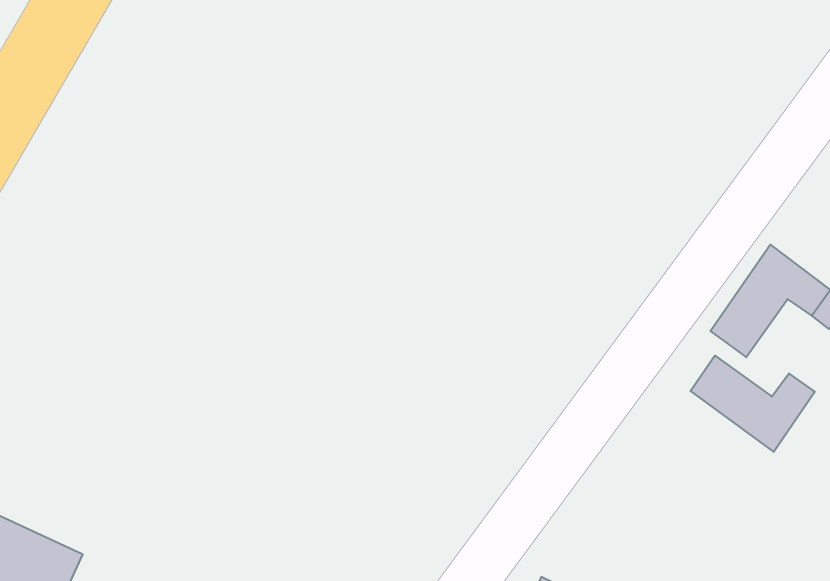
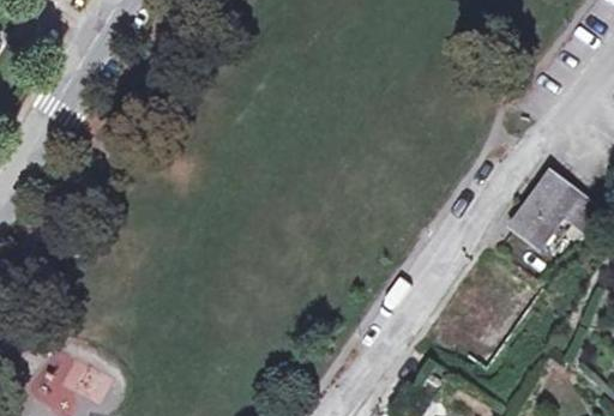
building: [690,356,815,452] -> none

